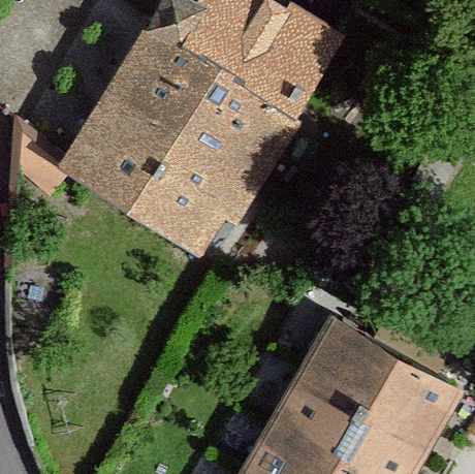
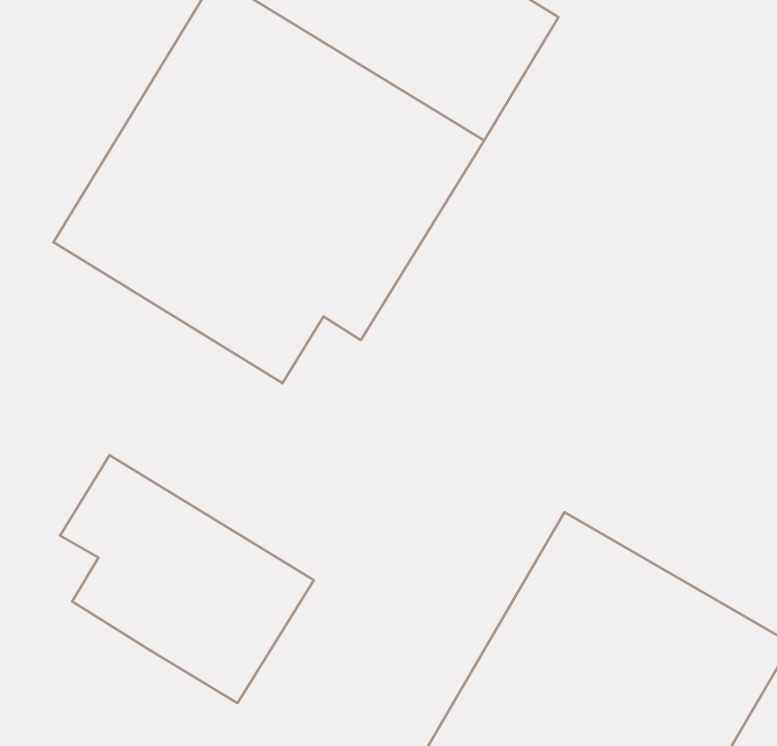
building: none -> [60,455,314,703]

